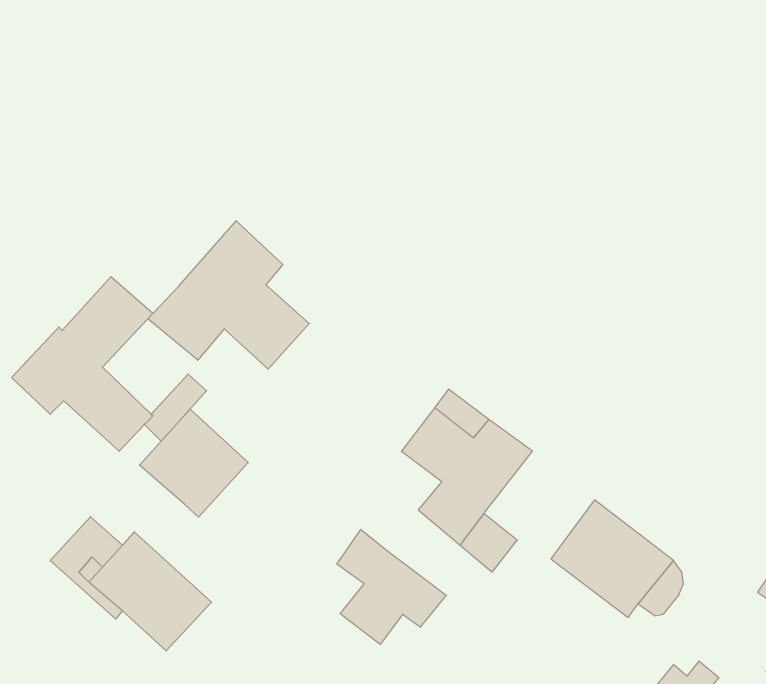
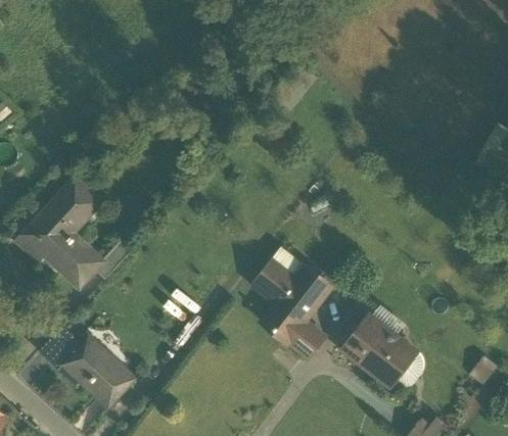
building: [148,221,309,369] -> none
building: [139,409,248,517] -> none
building: [337,529,446,644] -> none

